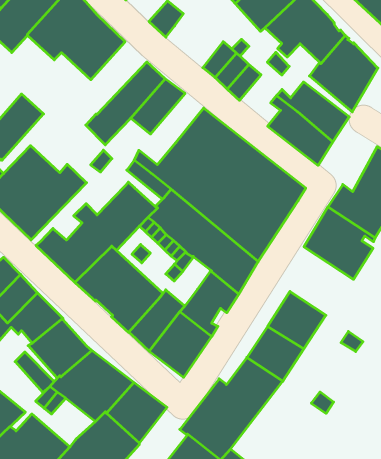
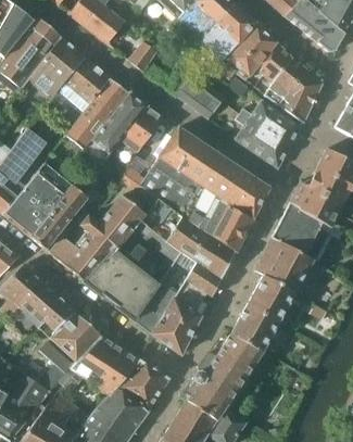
building: none -> [66,77,130,149]
building: none -> [255,236,325,291]

